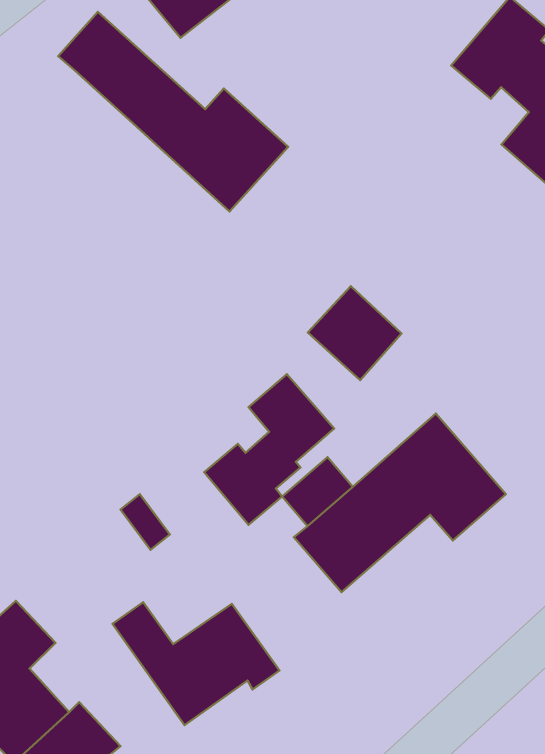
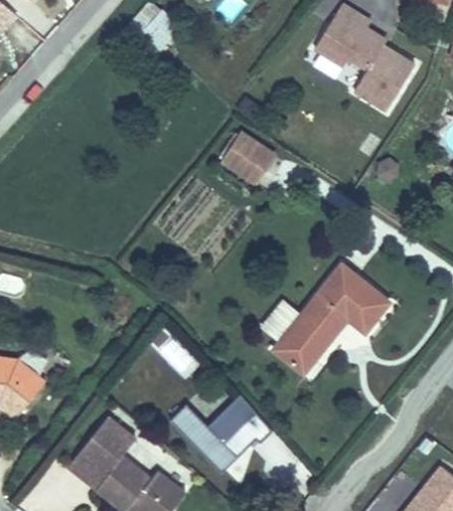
building: [58,12,288,212] -> none
building: [308,286,402,380] -> [219,132,276,187]
building: [204,374,334,525] -> none

